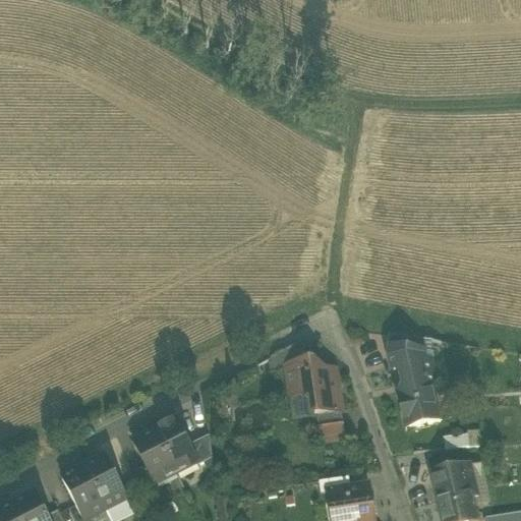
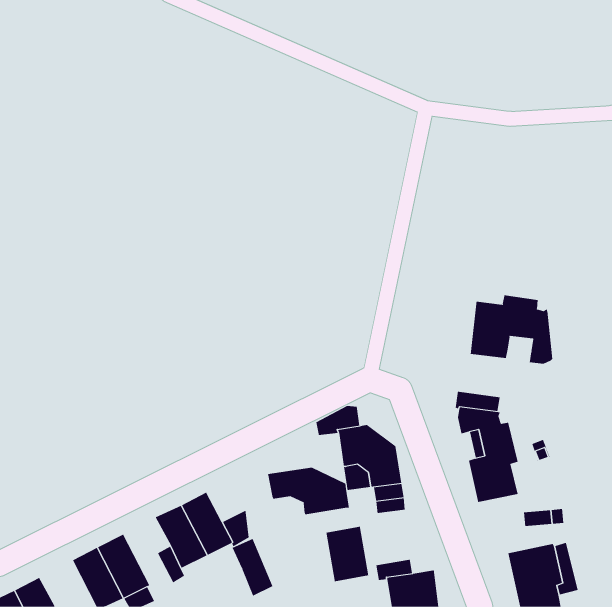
building: none -> [470,295,553,364]
building: none -> [267,467,350,515]
building: none -> [326,526,369,582]
building: none -> [232,538,273,596]

